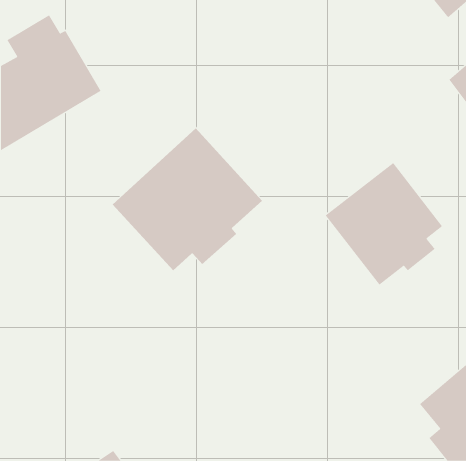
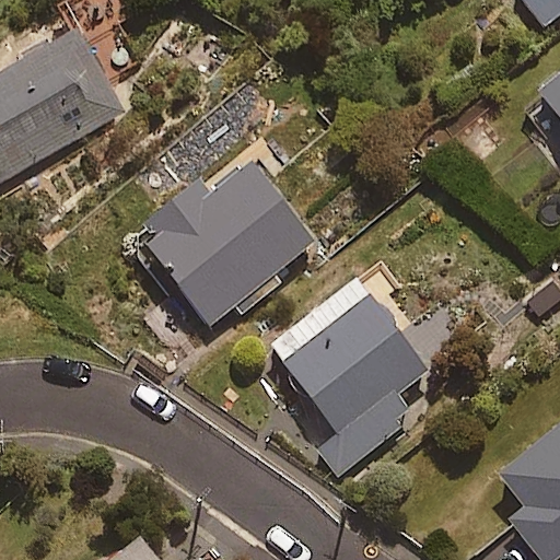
building: [325,162,443,285] -> none
building: none -> [268,278,429,470]

